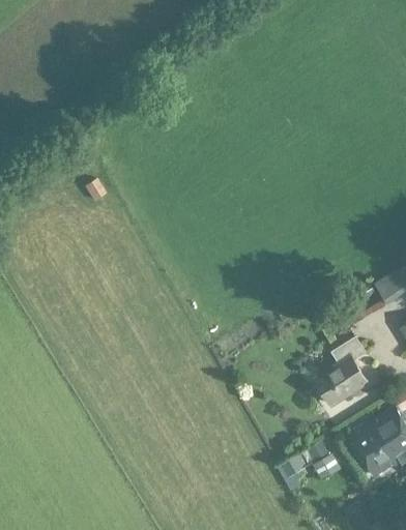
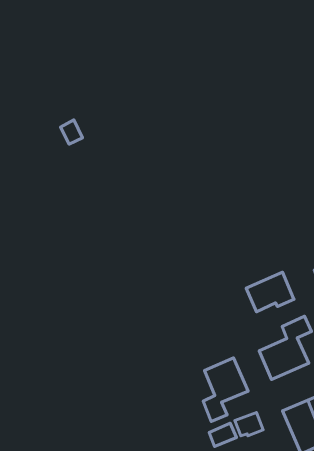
building: none -> [246,272,294,312]
building: none -> [203,358,248,421]

